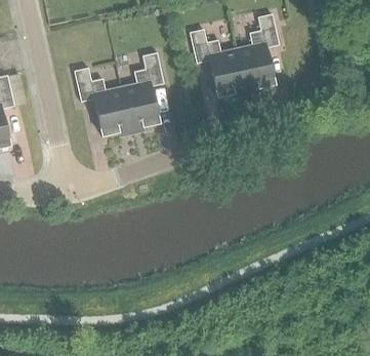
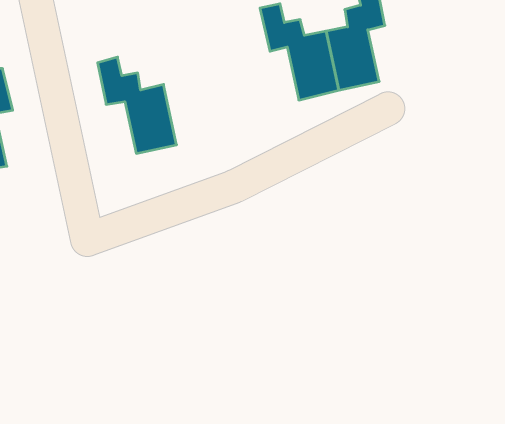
building: [121,52,163,129] -> none

